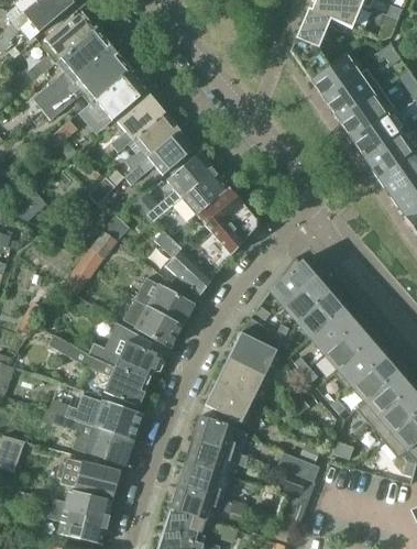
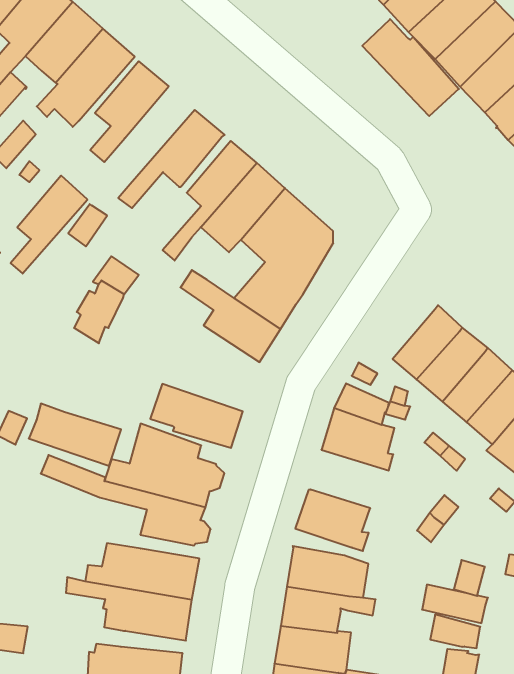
building: none -> [362,19,459,116]
building: [125,111,180,169] -> [11,176,87,274]
building: [267,256,316,306] -> none
building: [133,278,193,325] -> [29,404,121,466]
building: [216,356,268,398] -> none

